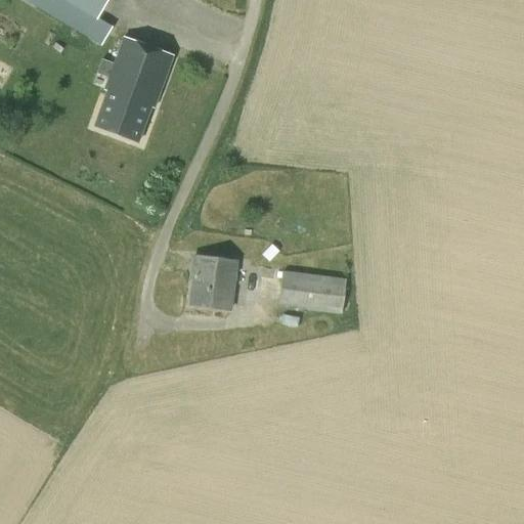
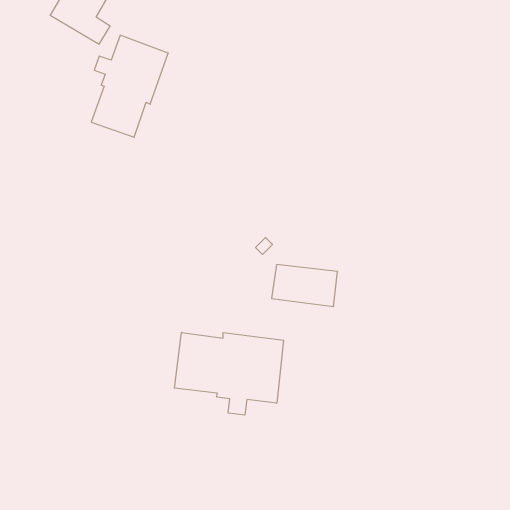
building: [191,255,237,308] -> none
building: none -> [174,332,284,415]

